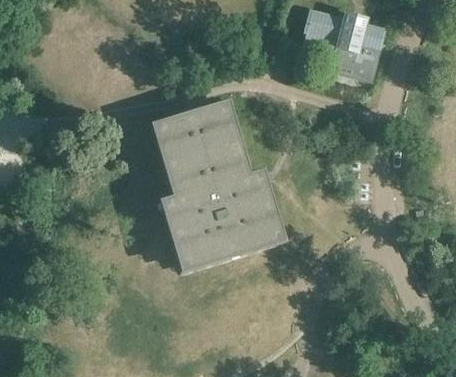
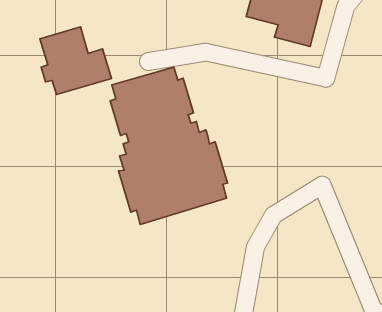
building: none -> [40,27,111,95]

